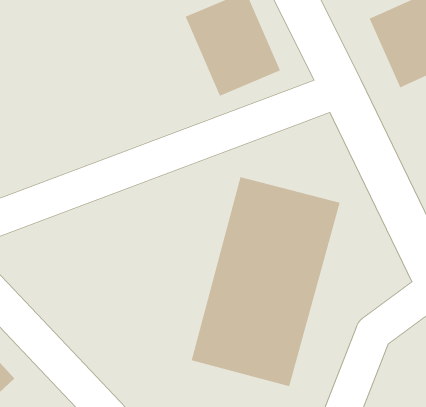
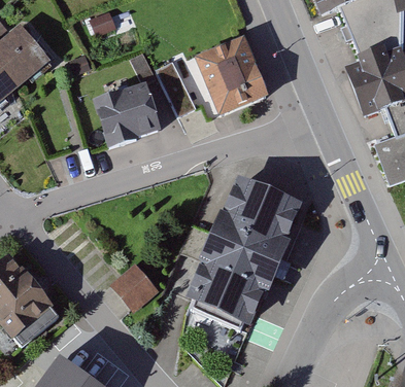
building: none -> [94,82,164,146]
building: none -> [106,259,156,308]

